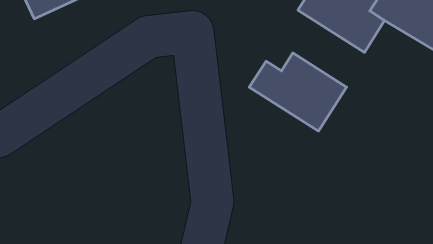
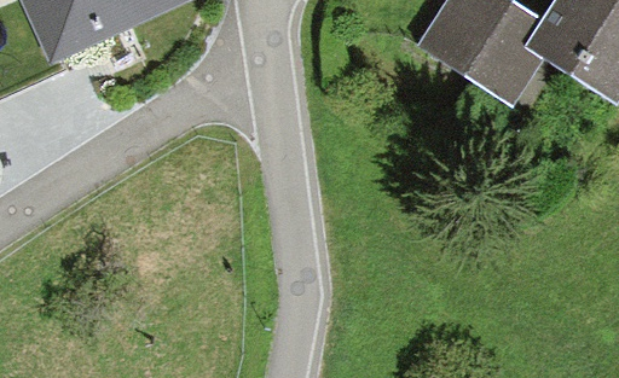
building: [249,53,347,131] -> none

